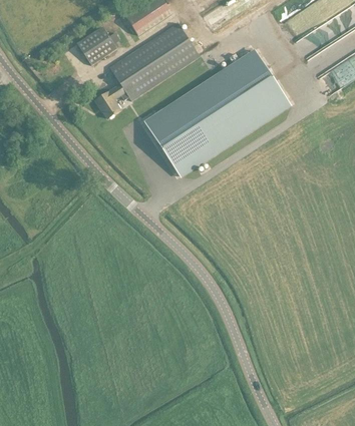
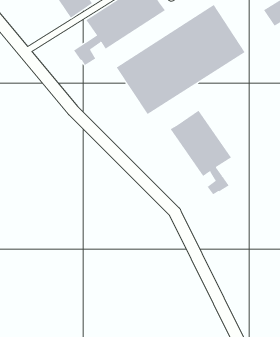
building: none -> [170,110,232,195]

